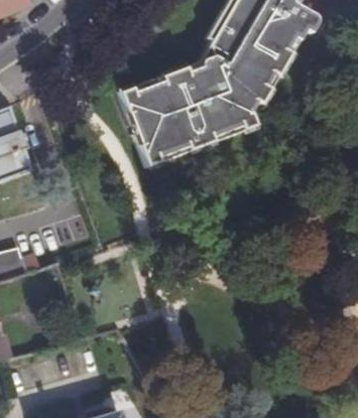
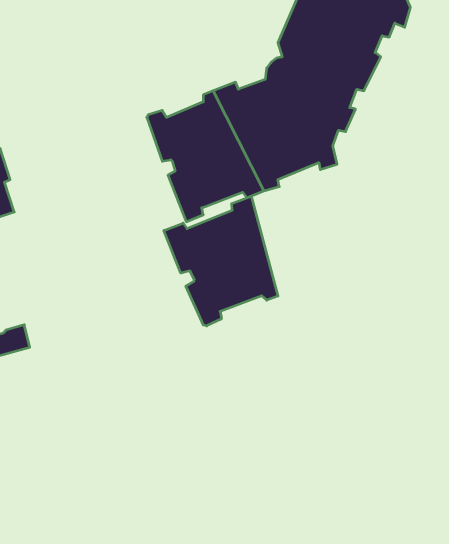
building: none -> [164,196,278,326]

